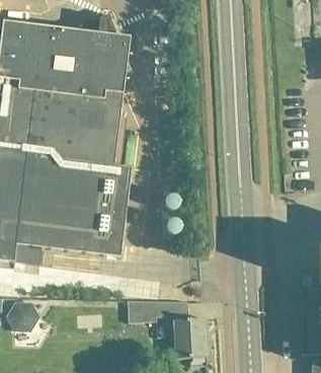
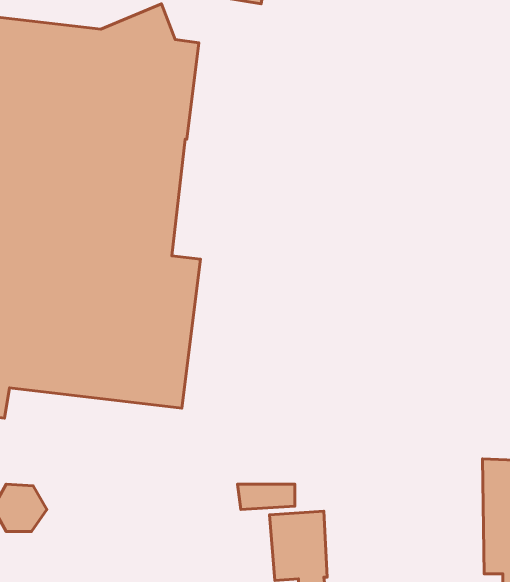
building: [128,300,155,321] -> none

